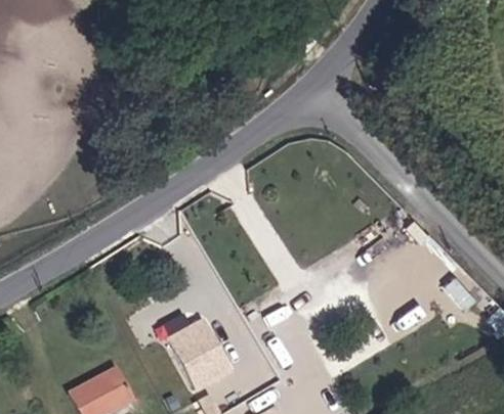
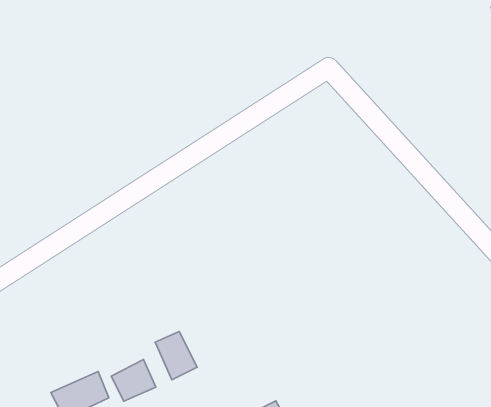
building: none -> [111,360,156,401]

